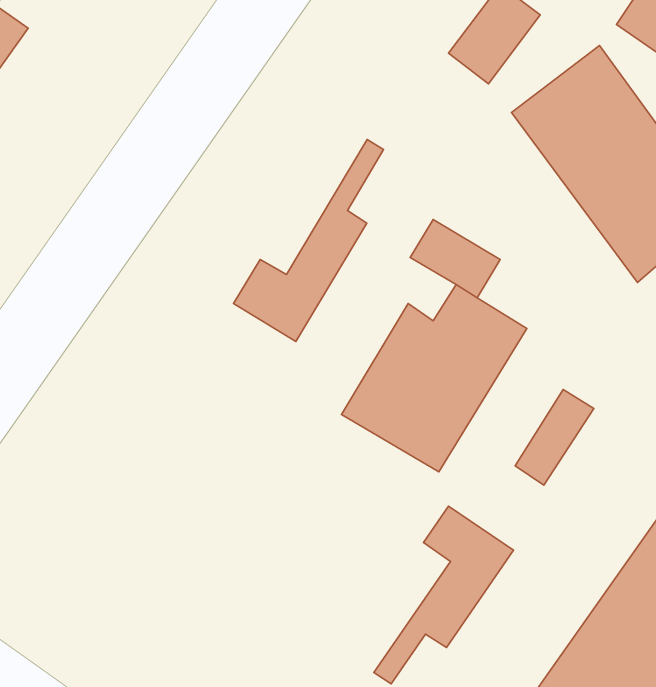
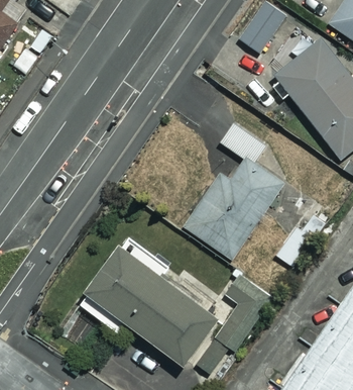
building: [234,140,383,342] -> none
building: none -> [77,234,217,365]

